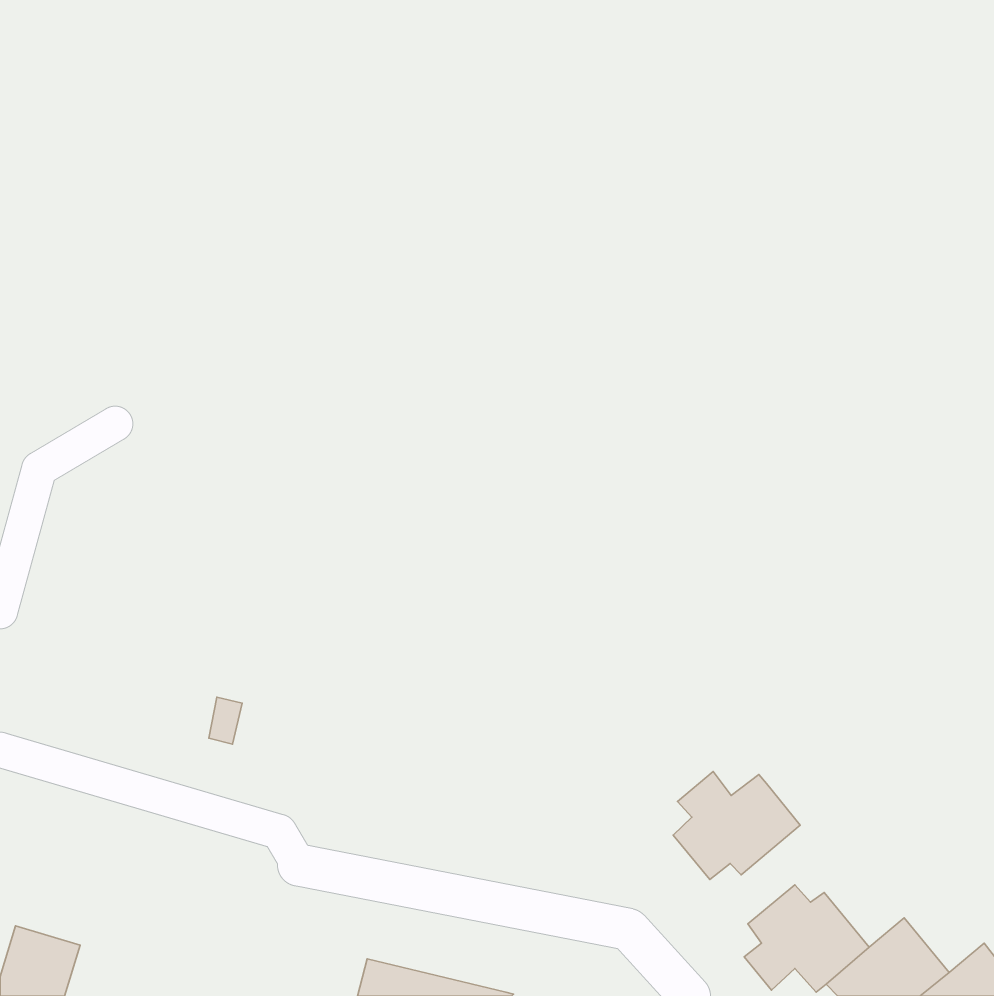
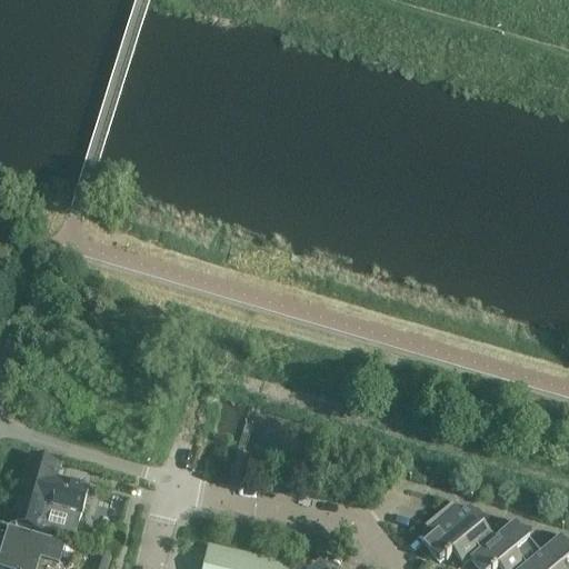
building: [673,771,800,879] -> none
building: none -> [11,456,89,540]

